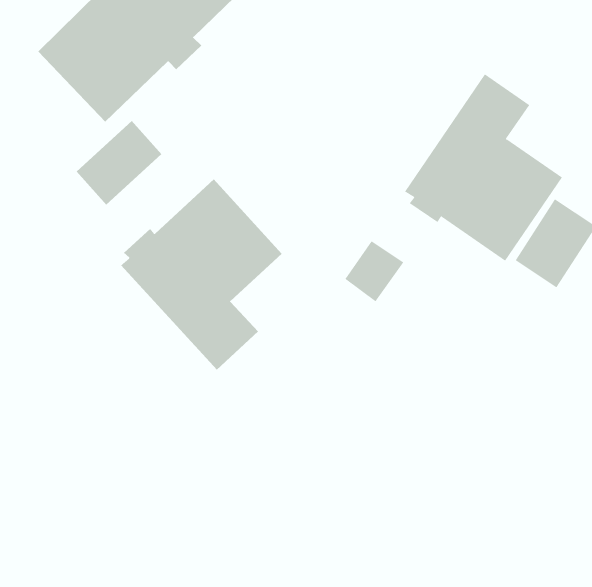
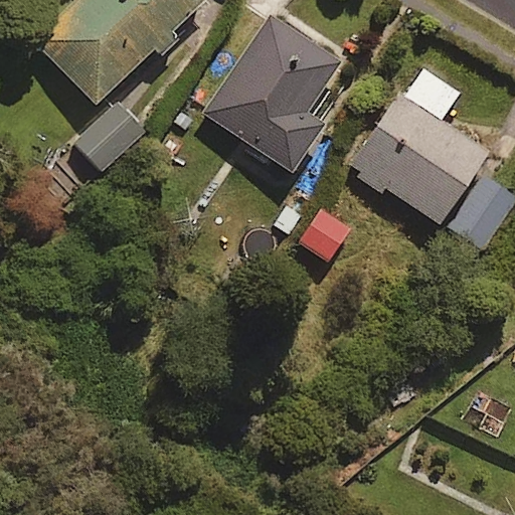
building: none -> [203,13,343,174]
building: [120,179,283,371] -> none

